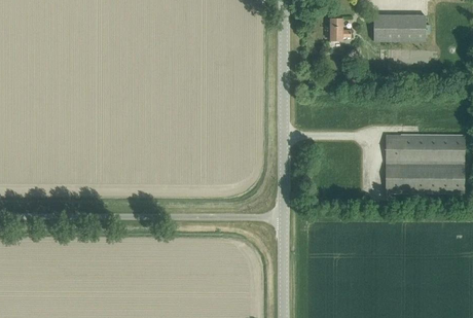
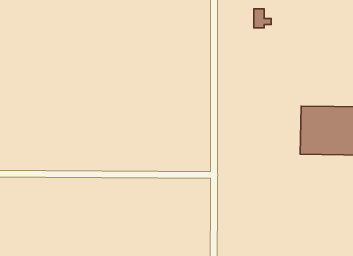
building: [373,14,426,40] -> none

